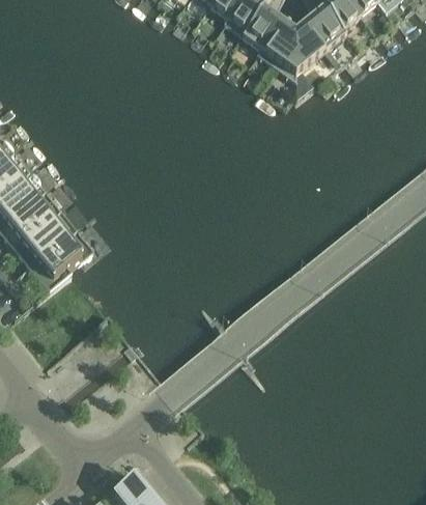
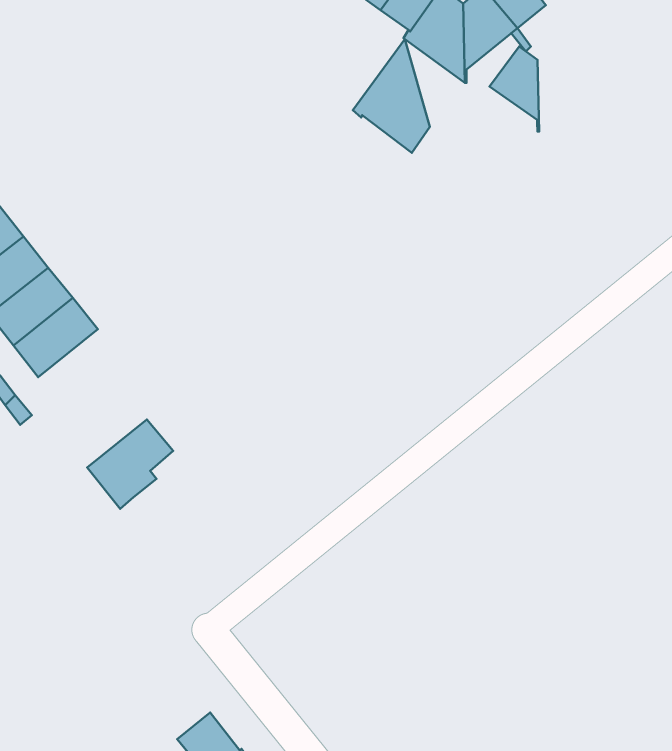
building: none -> [353,39,430,153]
building: none -> [489,47,539,132]
building: [27,230,81,286] -> [87,419,173,509]

